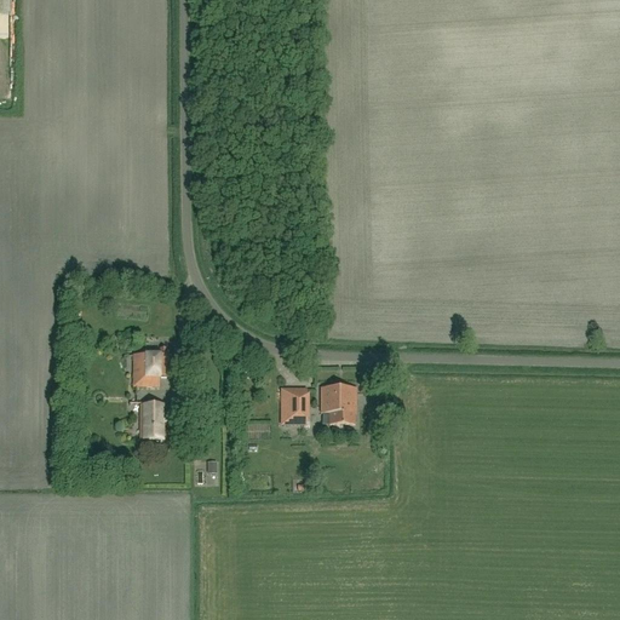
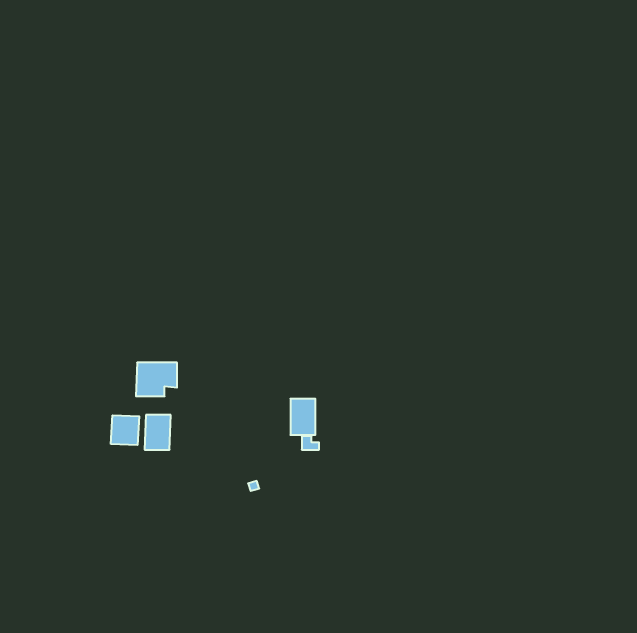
building: [321,386,356,423] -> none
building: none -> [111,415,139,445]

